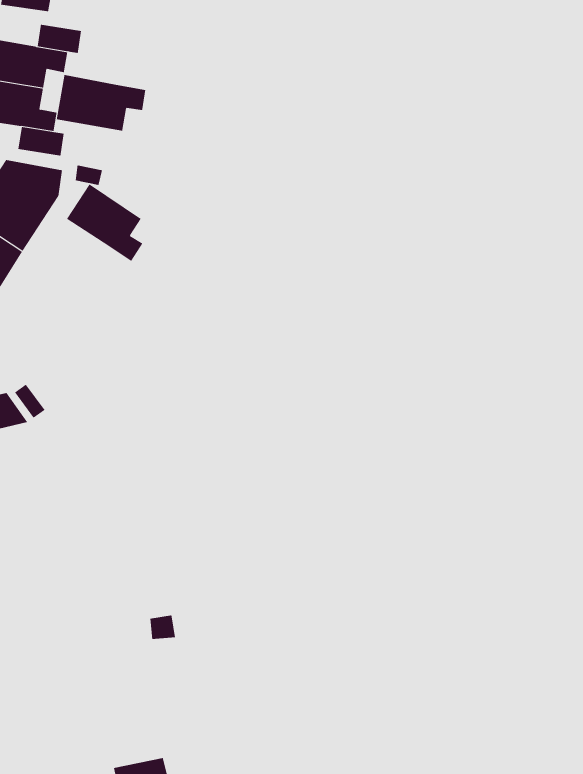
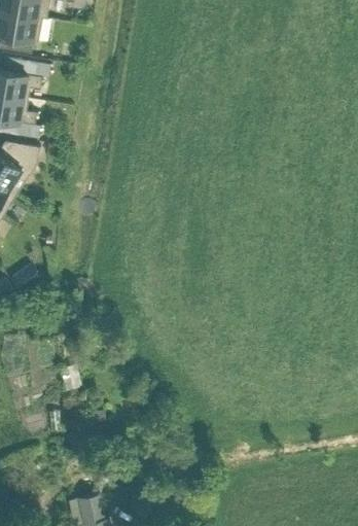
building: [56,74,146,131] -> none
building: [66,184,143,262] -> none

